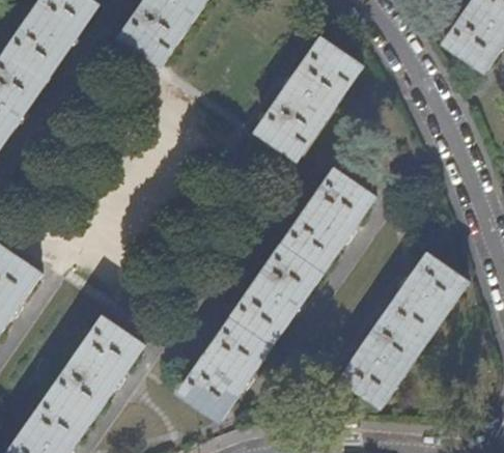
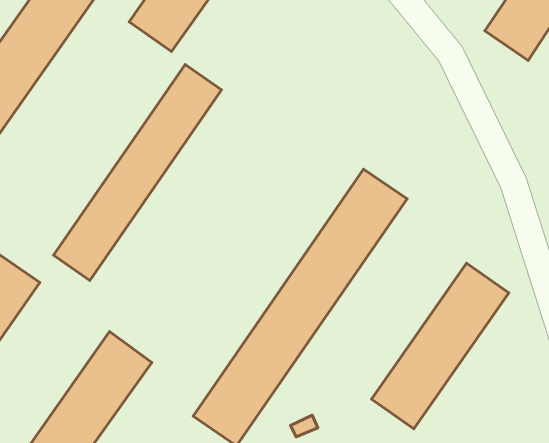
building: [257,38,360,159] -> none
building: none -> [53,64,221,281]

